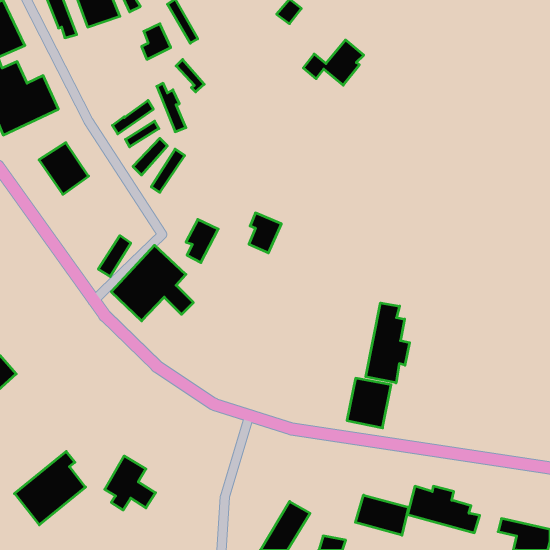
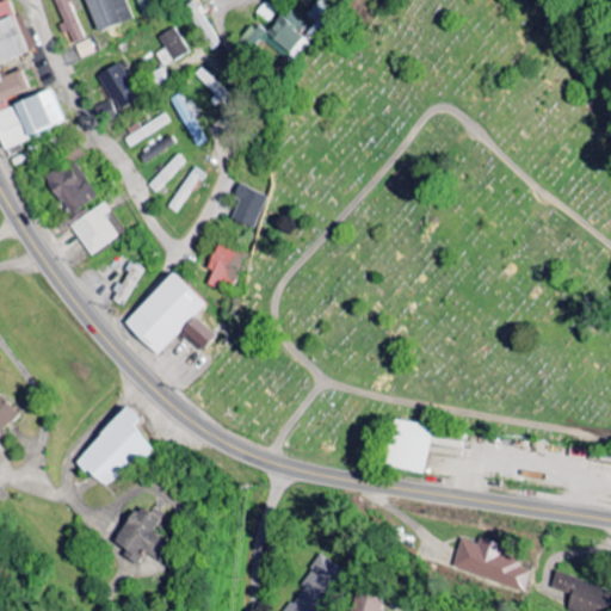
building: [303,40,364,85] -> [240,6,307,56]
building: none -> [97,61,137,107]
building: none -> [69,200,118,254]
building: [249,213,281,253] -> [230,183,266,227]
building: [366,303,410,383] -> none
building: [14,451,86,525] -> [75,408,154,489]
building: [355,495,408,535] -> none

